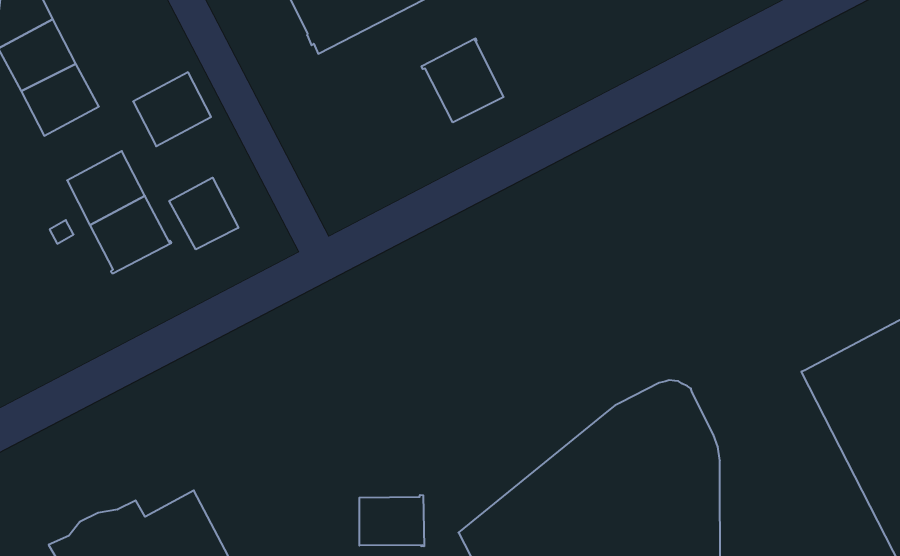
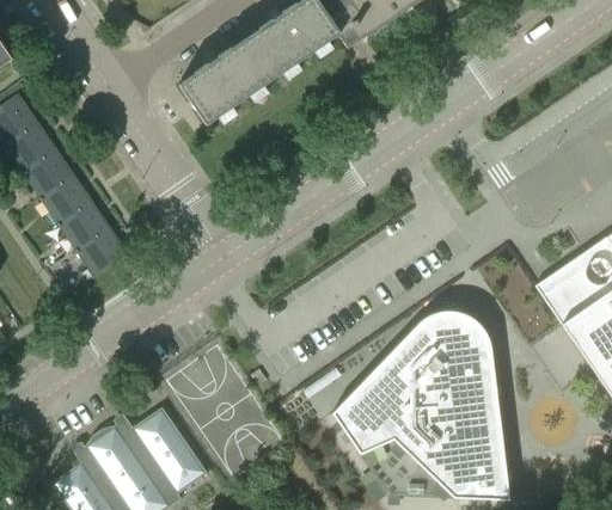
building: [422,38,504,122] -> none
building: [133,72,211,146] -> [39,171,90,220]
building: [169,178,238,249] -> none
building: [359,495,424,546] -> none

